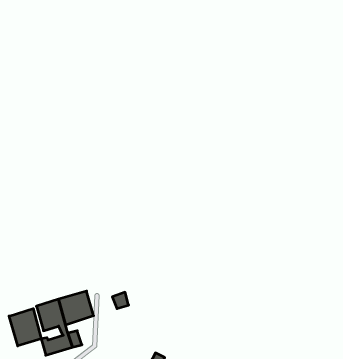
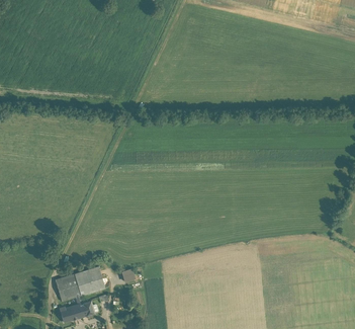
building: [9,309,41,346] -> none

